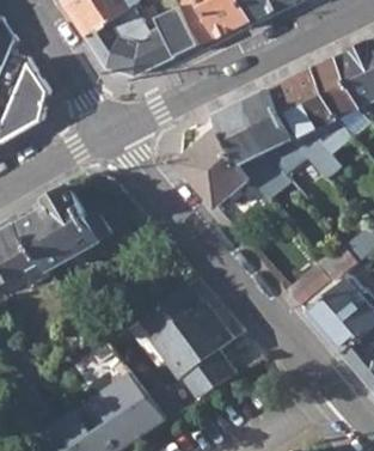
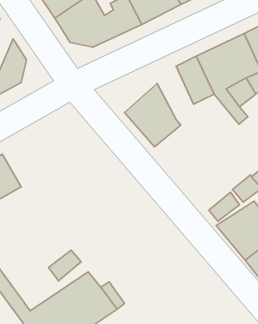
building: [216,99,284,200] -> none
building: [20,187,119,284] -> none
building: [139,282,235,398] -> none

